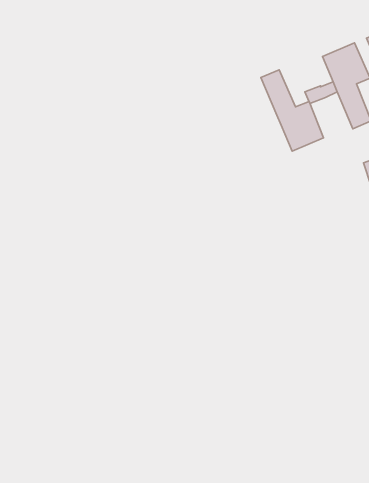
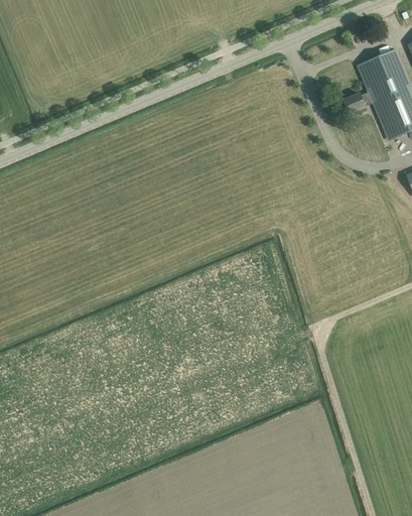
building: [261,70,324,151] -> none

